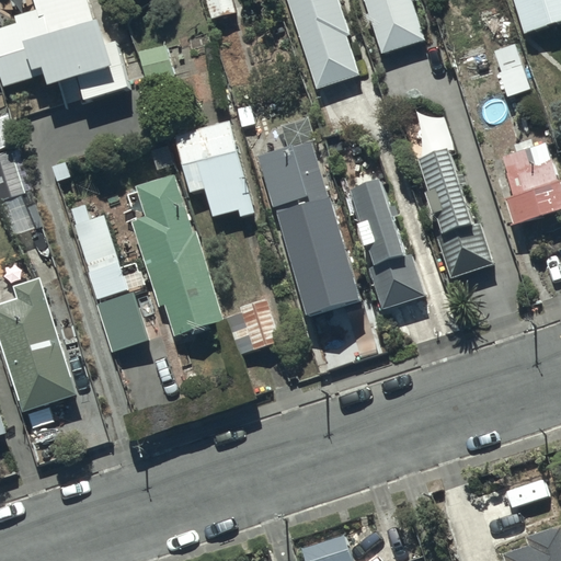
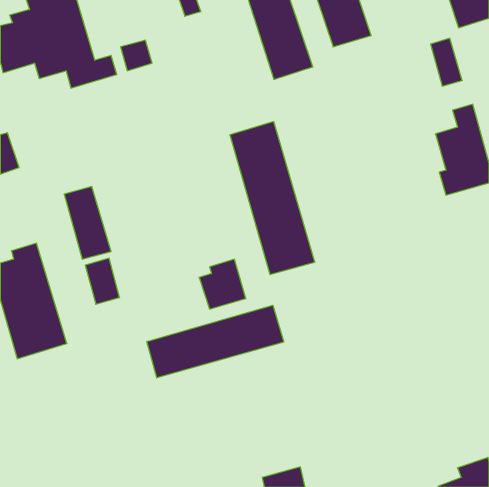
building: [173,119,255,218] -> none
building: [416,149,494,276] -> none
building: [131,176,222,335] -> none
building: [350,181,423,309] -> none
building: none -> [147,305,284,378]

